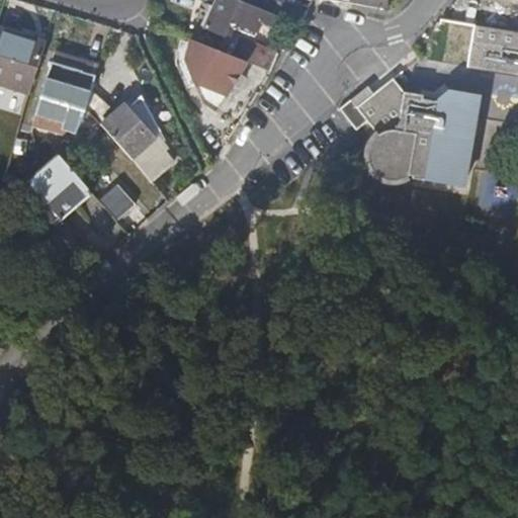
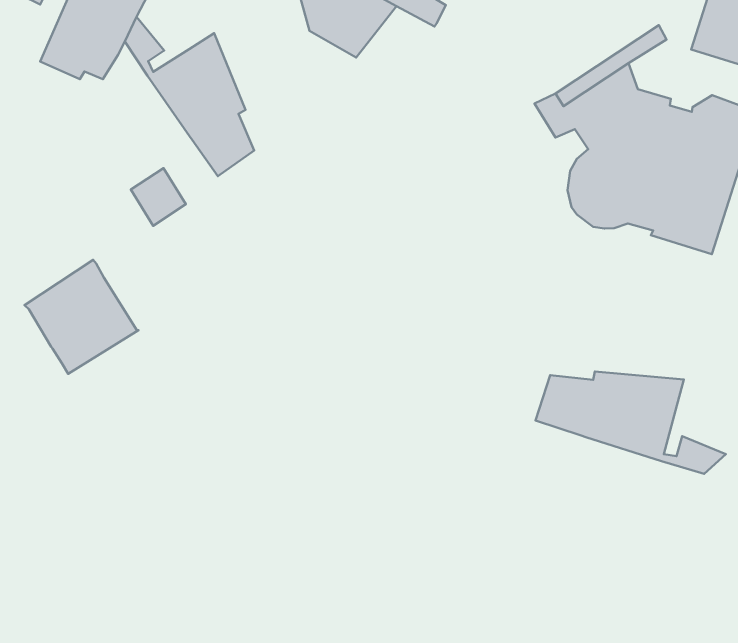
building: [21,153,94,226] -> [24,260,139,374]
building: none -> [535,371,726,474]

